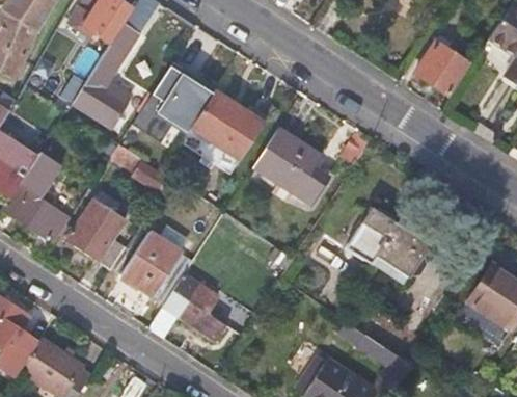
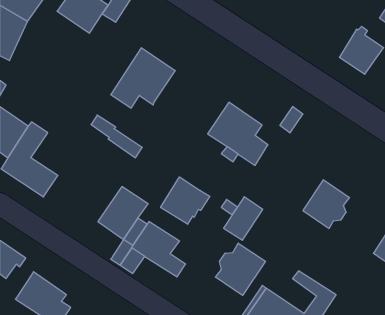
building: [72,53,129,129] -> none
building: [189,90,267,161] -> none
building: [63,198,126,269] -> none
building: [348,208,396,261] -> [224,197,263,240]
building: none -> [161,177,210,224]
building: none -> [215,243,265,295]

